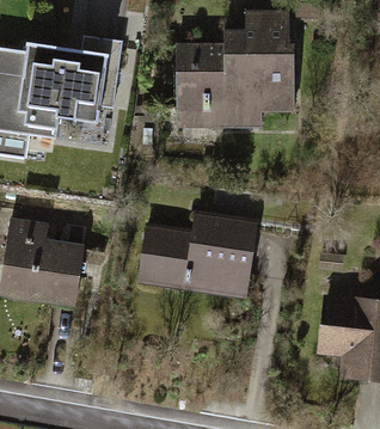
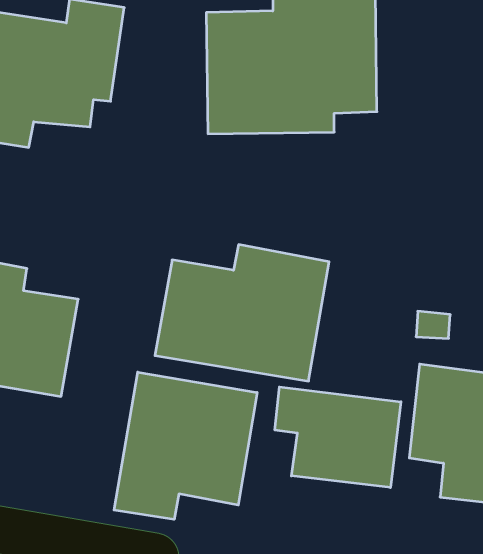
building: none -> [114,372,257,519]
building: none -> [275,387,401,488]

